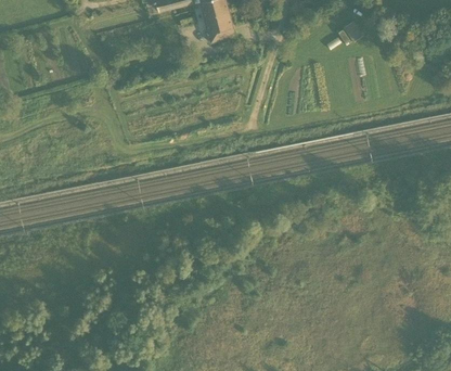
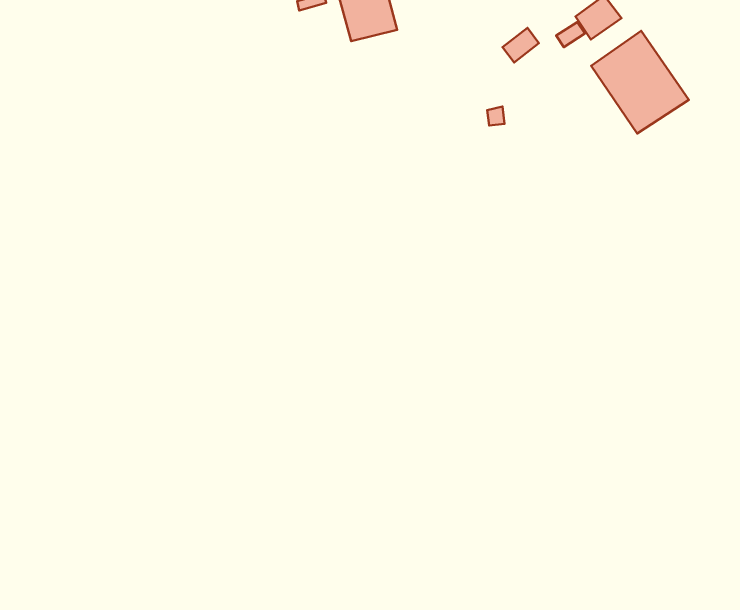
building: none -> [591,31,689,134]

